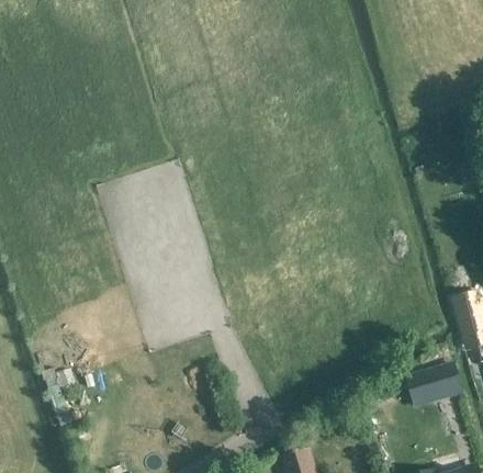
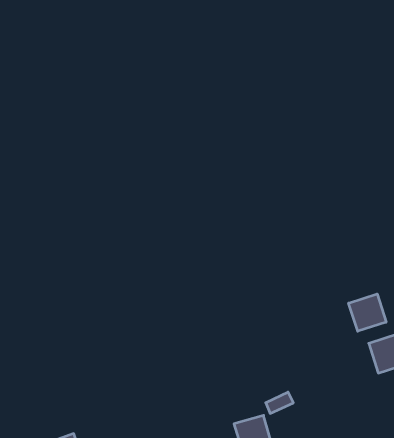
building: none -> [349,294,386,331]

